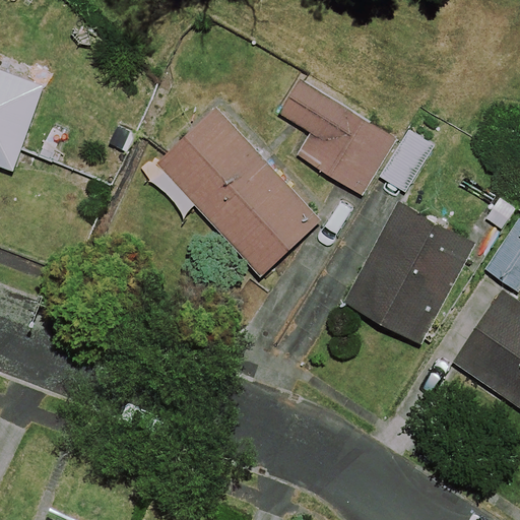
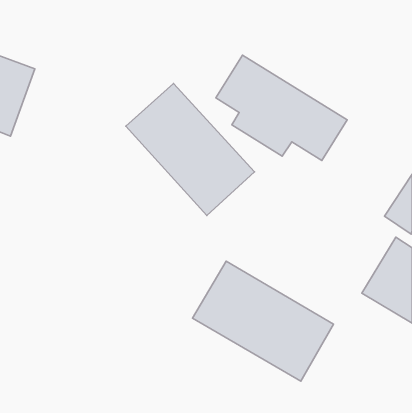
building: [344,216,468,344] -> none
building: none -> [193,261,334,381]

